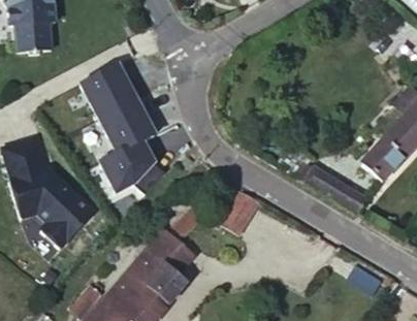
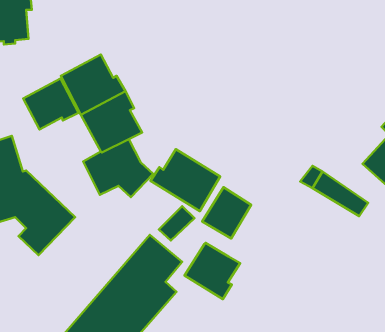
building: none -> [23,79,78,129]
building: none -> [150,149,220,211]
building: none -> [184,243,240,299]

